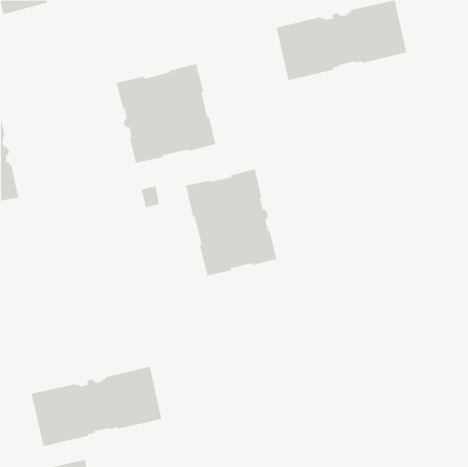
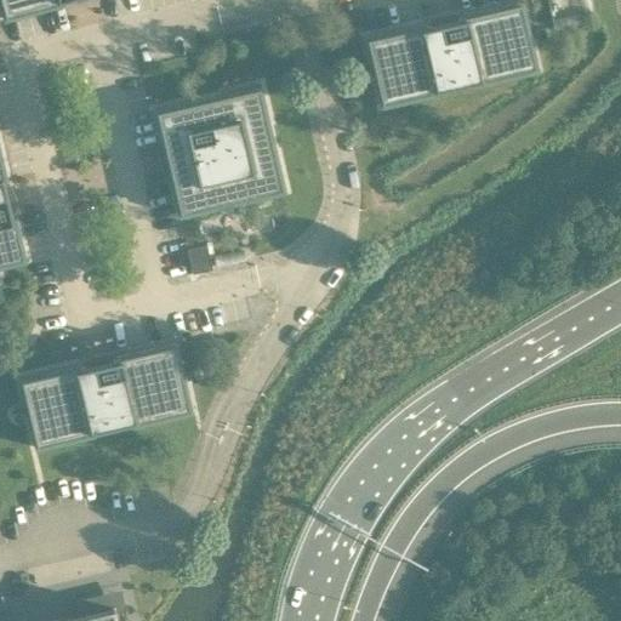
building: [185,168,277,276] -> none
building: [31,366,162,447] -> [21,344,194,451]

